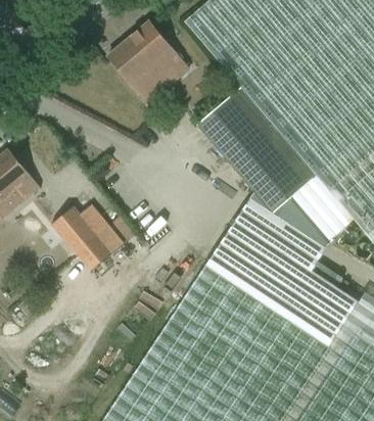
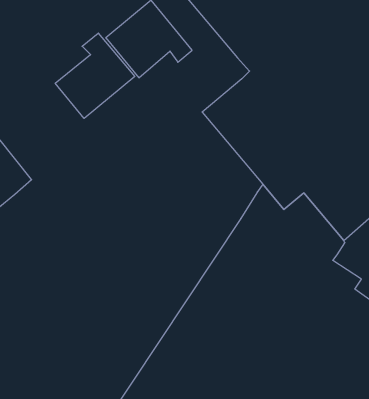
building: none -> [55,33,135,118]
building: [53,205,126,272] -> none

